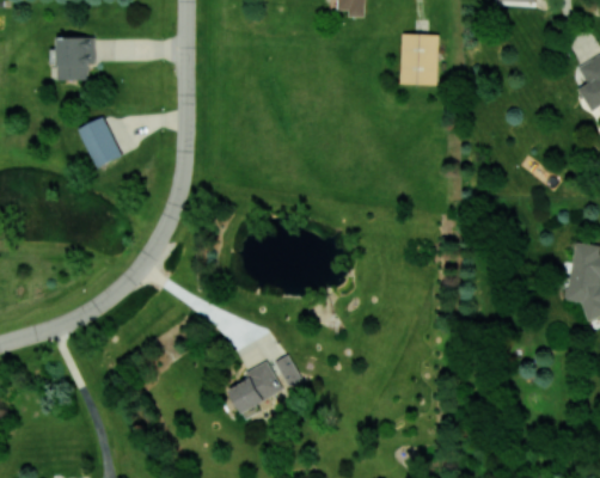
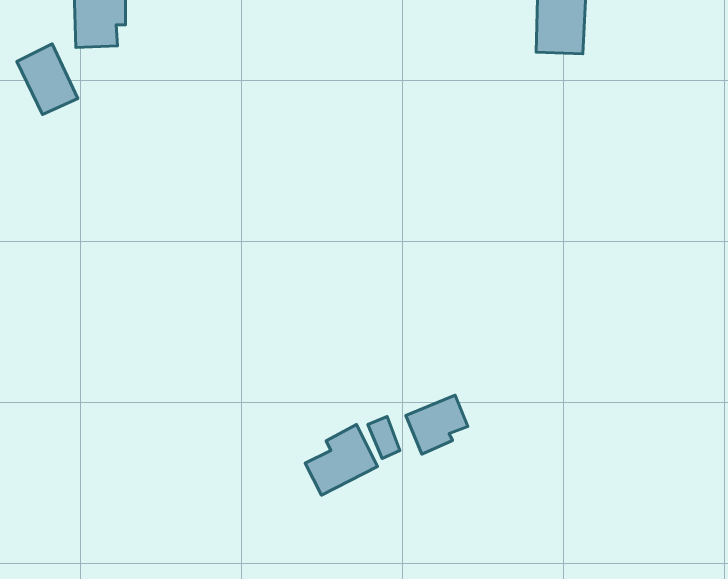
building: [76,116,122,168] -> [17,44,78,115]
building: none -> [406,395,468,454]

